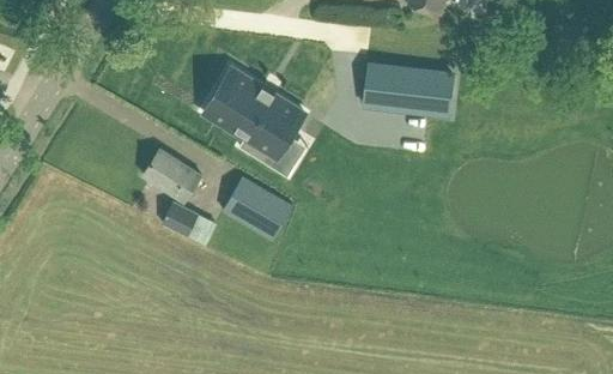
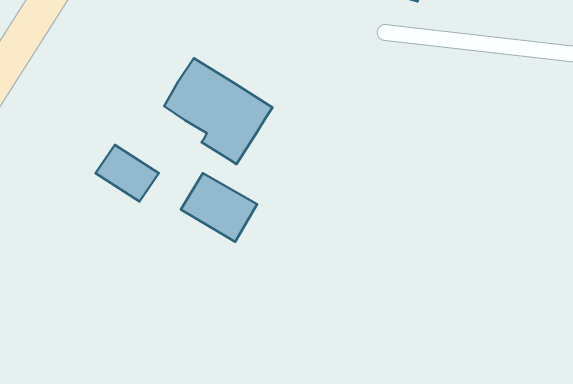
building: [364,64,451,115] -> none
building: [160,201,198,236] -> none

